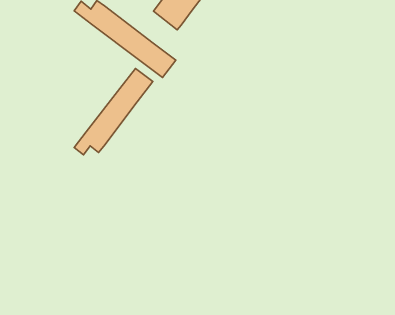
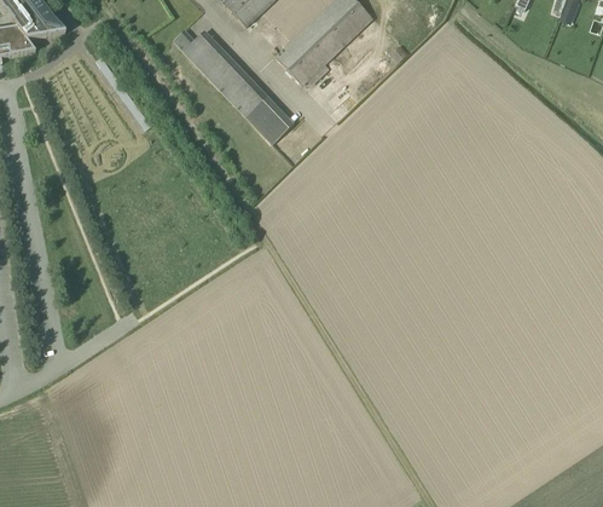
building: [74,68,153,155] -> none

